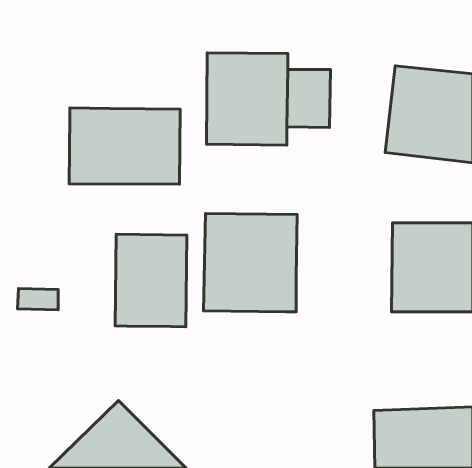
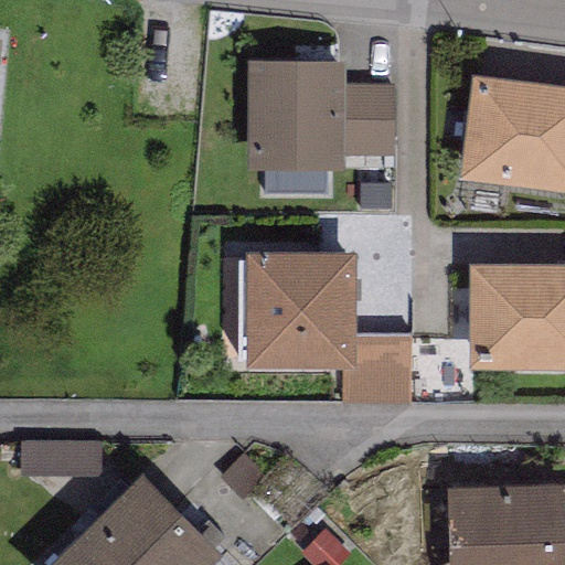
building: [69,108,180,184] -> none
building: [115,234,187,327] -> none
building: none -> [340,330,411,403]

